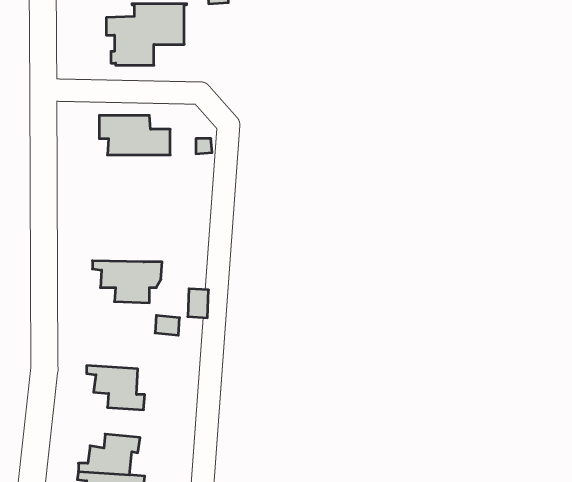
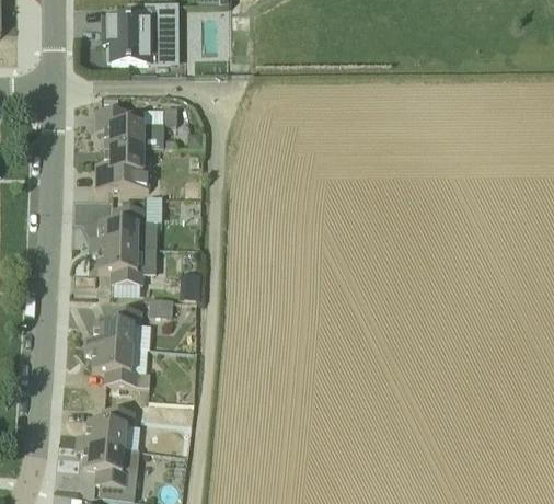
building: none -> [95,148,149,191]
building: none -> [90,210,146,249]
building: none -> [84,310,142,350]

